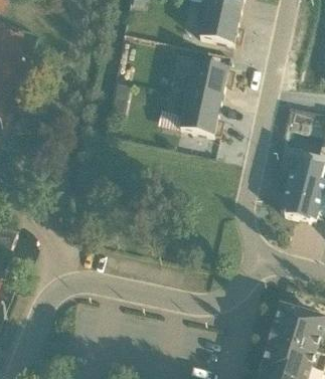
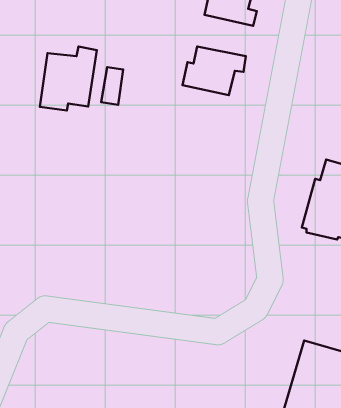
building: none -> [40,47,97,111]
building: [174,89,220,133] -> none

